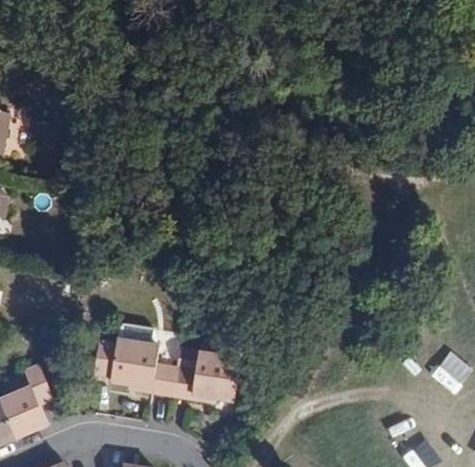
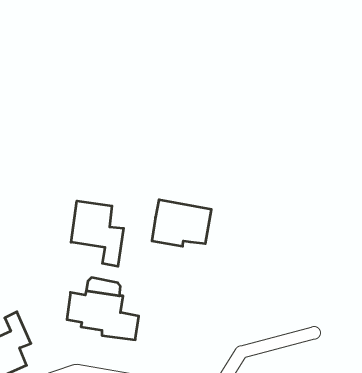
building: none -> [71,201,124,266]
building: [171,349,239,402] -> [152,200,211,246]

